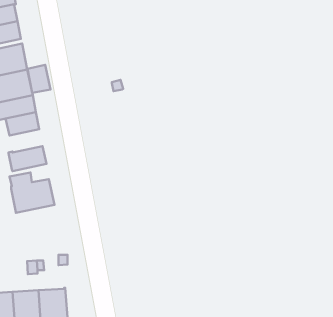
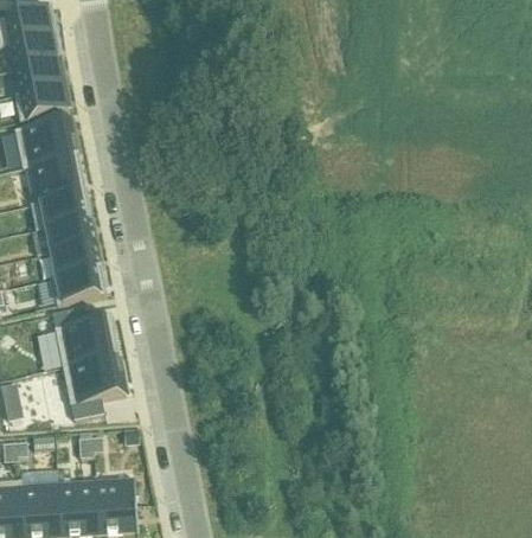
building: [27,65,50,93] -> none
building: none -> [51,242,100,276]
building: none -> [60,353,124,417]

